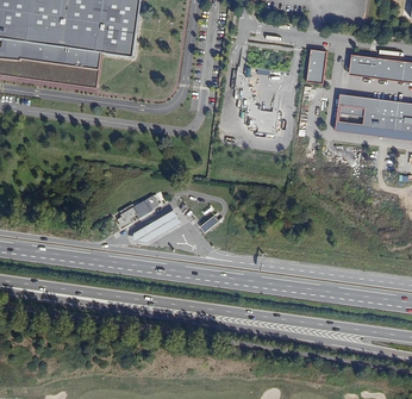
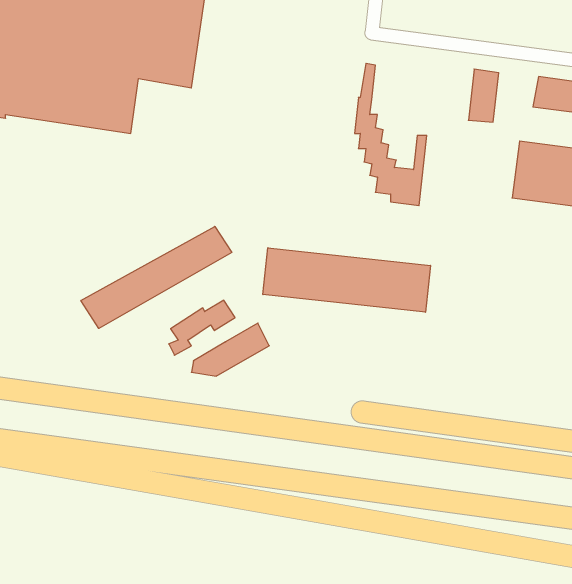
building: none -> [81,226,232,328]
building: none -> [263,248,430,312]

